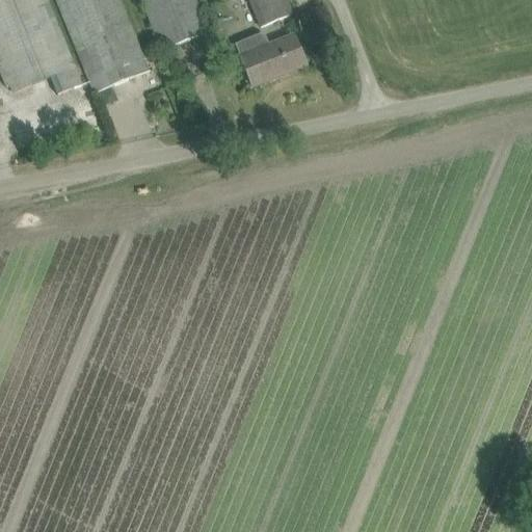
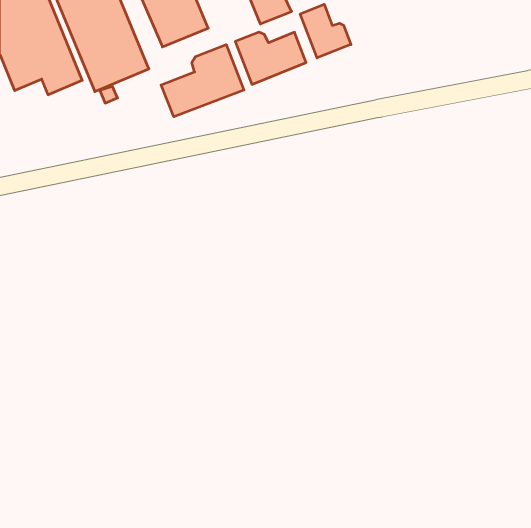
building: none -> [300,4,351,58]
building: none -> [161,45,244,117]

